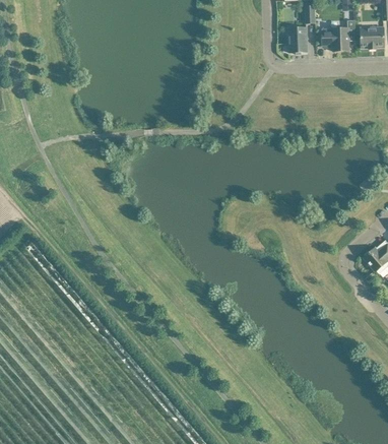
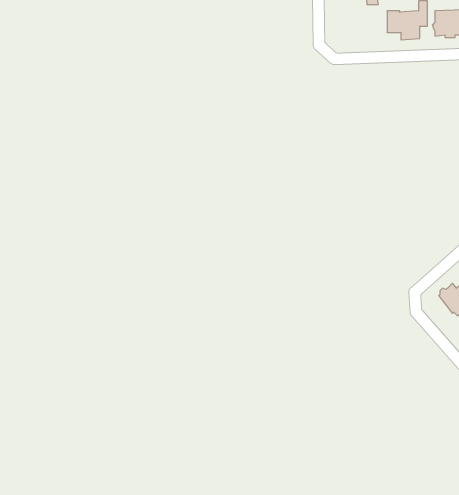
building: [288,26,307,54] -> none

